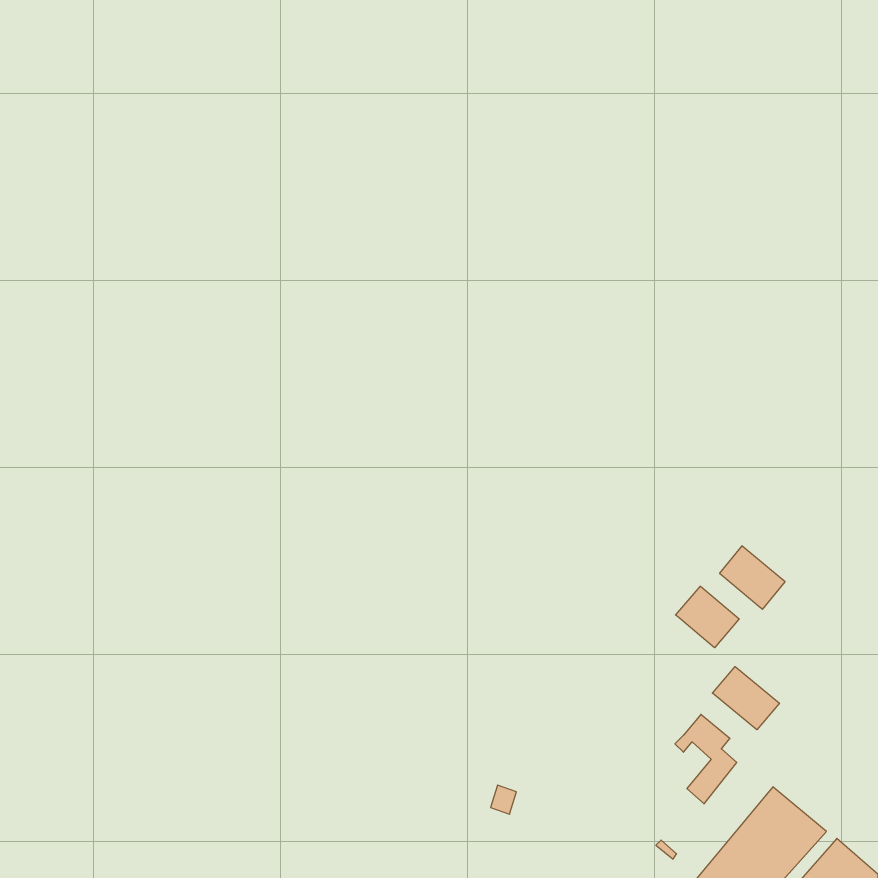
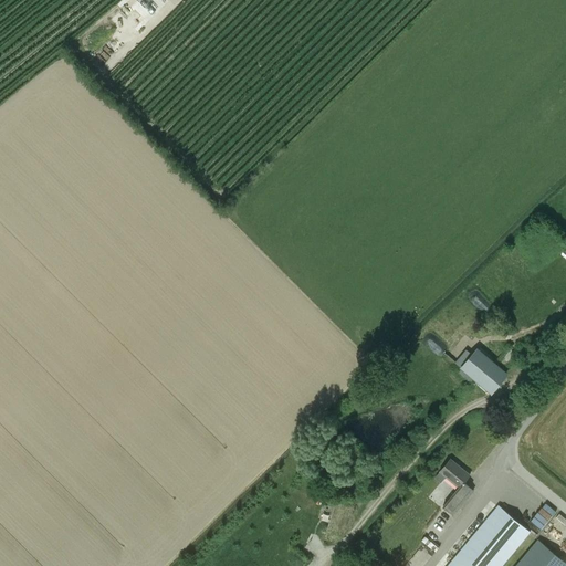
building: [676,586,739,648] -> none
building: [712,667,779,730] -> none

